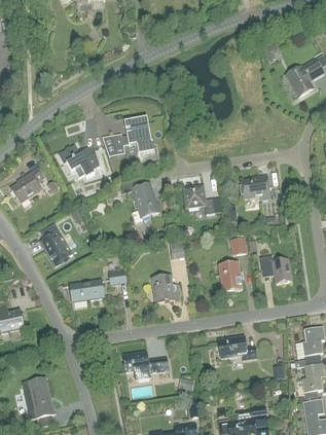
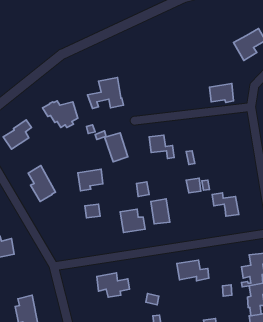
building: [242,176,270,198] -> [209,84,234,103]
building: [219,260,242,290] -> [151,199,170,224]
building: [71,279,101,304] -> [78,169,103,191]

